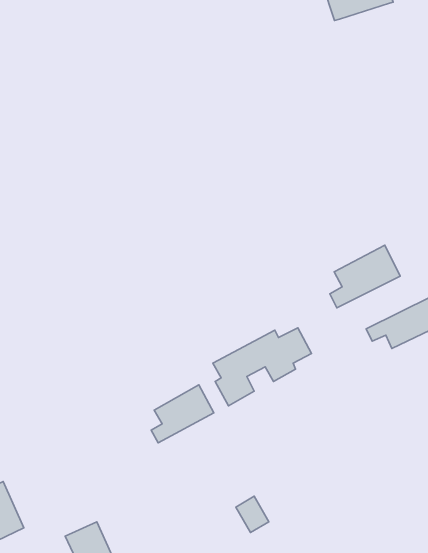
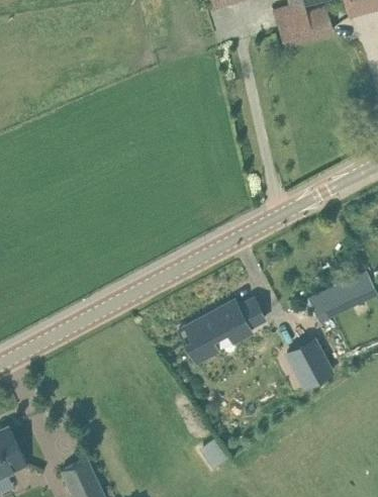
building: [330,245,400,308] -> none
building: none -> [287,342,330,389]
building: [151,385,214,443] -> none

